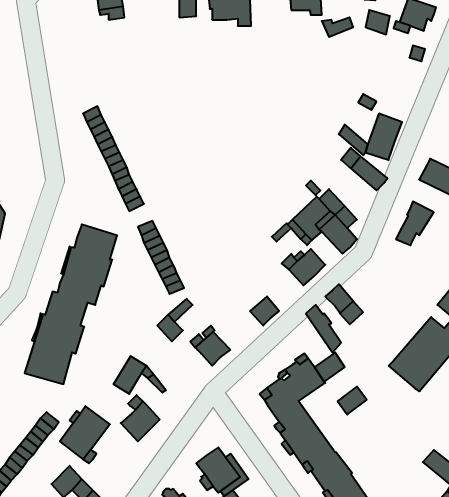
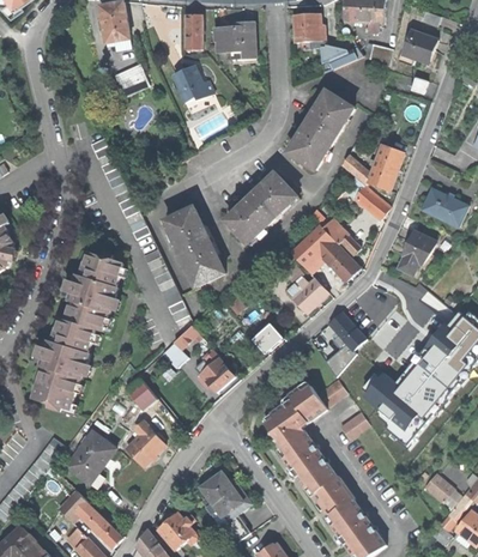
building: none -> [173,63,213,101]
building: none -> [115,65,149,95]
building: none -> [288,90,355,170]
building: none -> [225,172,299,246]
building: none -> [165,205,225,286]
building: none -> [358,370,417,430]

